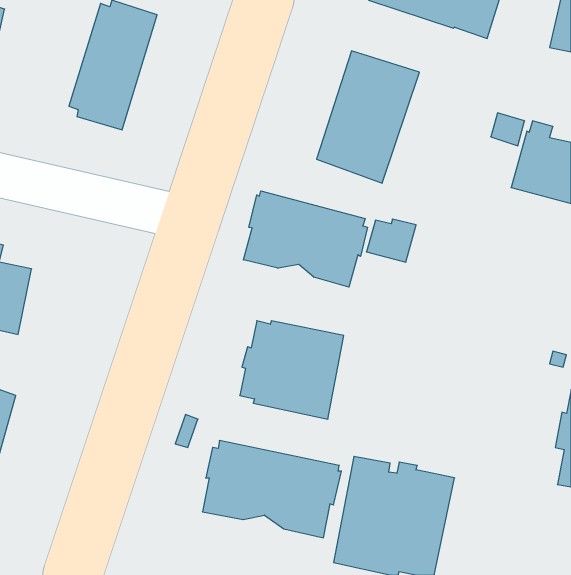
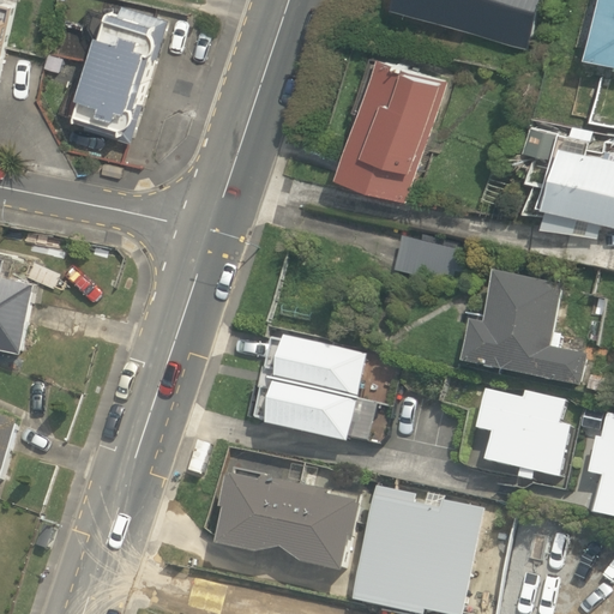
building: [243,191,368,287] -> none
building: none -> [459,270,584,385]
building: none -> [477,391,570,481]

